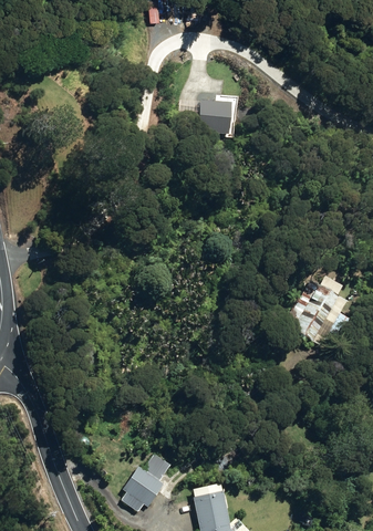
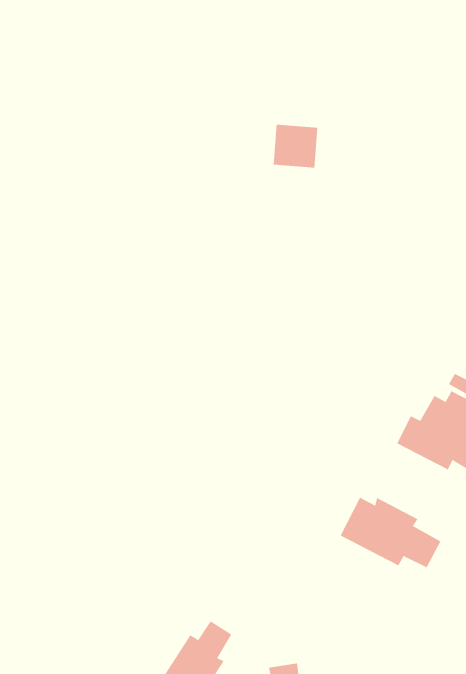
building: none -> [340,497,441,568]

